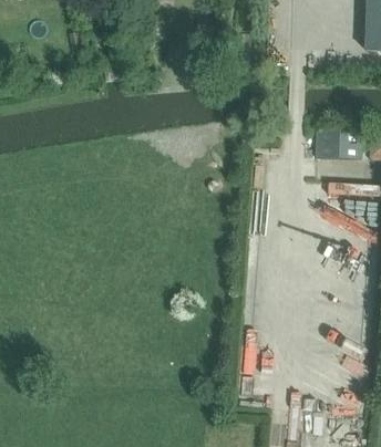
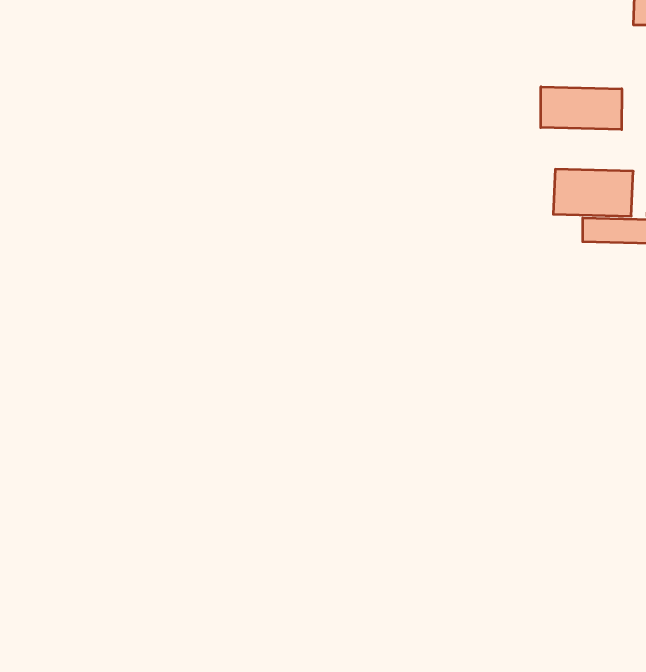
building: none -> [541,87,622,130]

